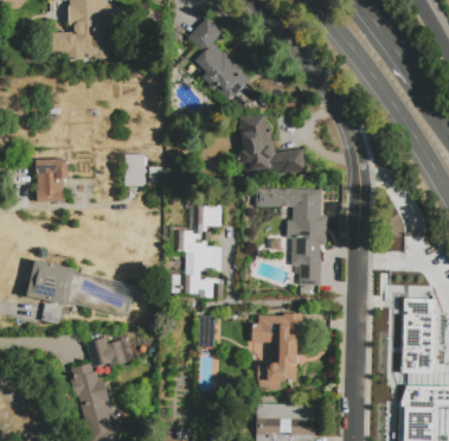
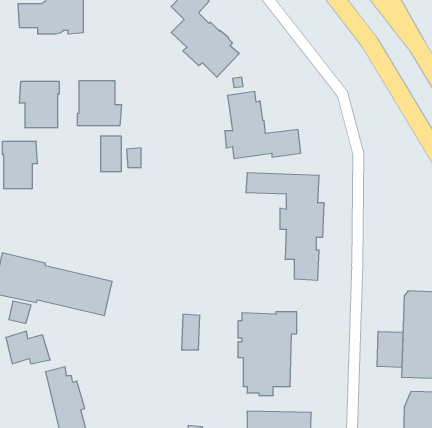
building: none -> [77,81,121,126]
building: none -> [19,81,59,128]
building: [173,204,224,298] -> none
building: none -> [377,331,403,367]
building: [88,337,128,366] -> [6,331,50,364]

